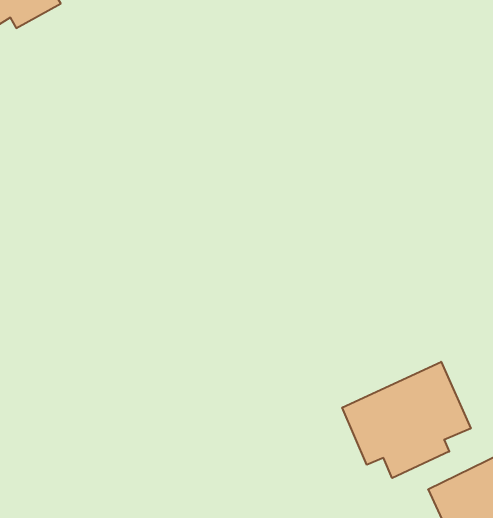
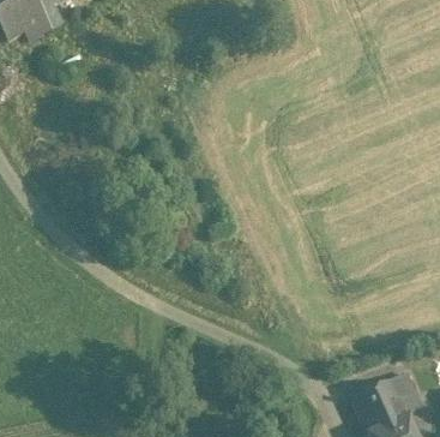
building: [342,362,471,478] -> none

